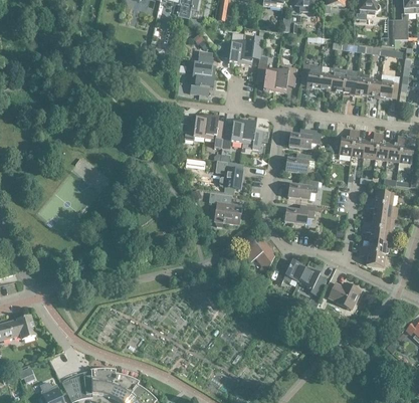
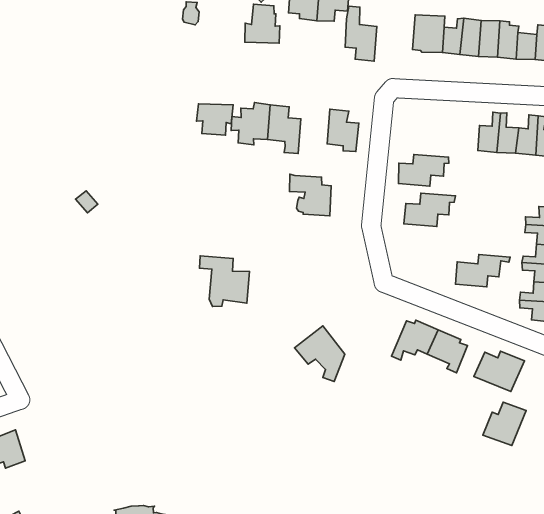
building: [274,67,296,93] -> none
building: [190,74,214,95] -> [196,104,233,135]
building: [222,120,244,149] -> none
building: [288,129,321,150] -> none
building: [209,193,241,226] -> [199,256,250,307]
building: [284,204,321,225] -> [455,254,510,287]
building: [242,235,274,271] -> [295,326,345,382]
building: none -> [483,402,526,446]

